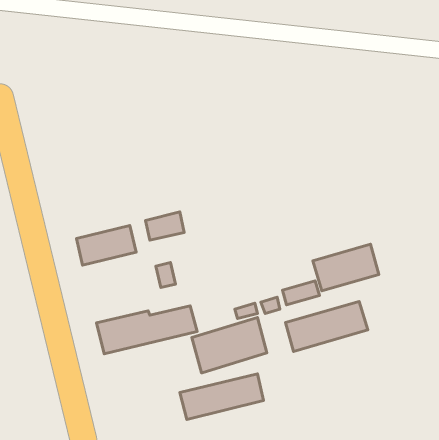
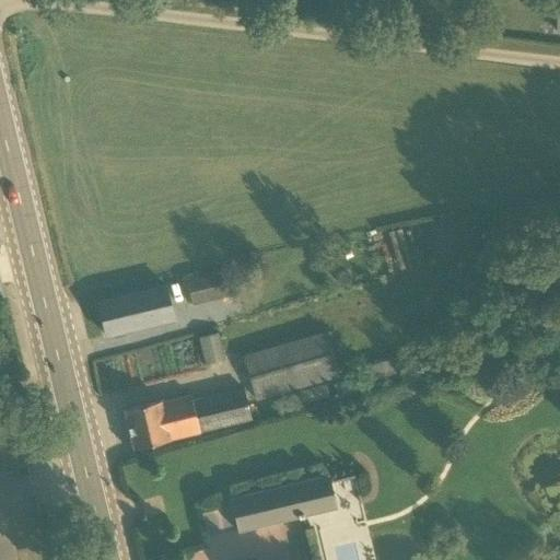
building: [313,244,379,291] -> none
building: [285,301,368,351] -> none
building: [192,318,267,373] -> [243,331,338,401]

